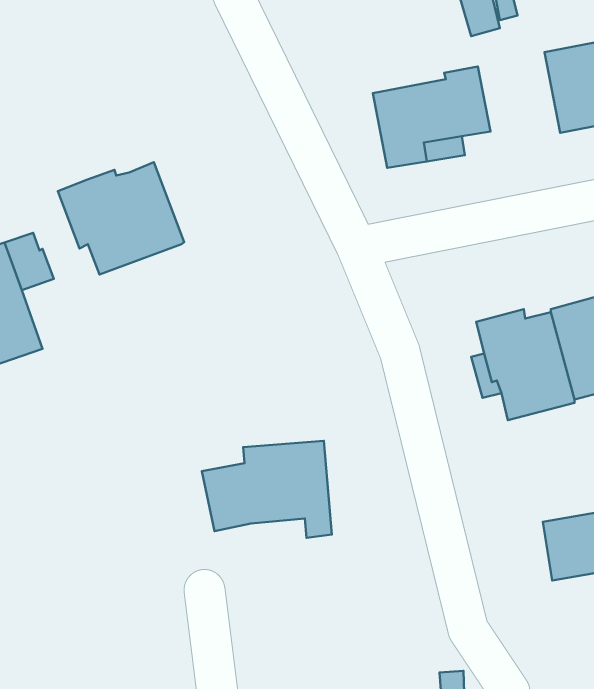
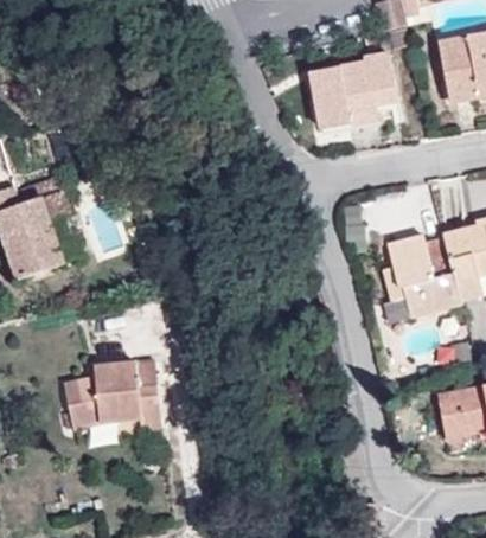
building: [58,162,184,274] -> none
building: [202,441,332,538] -> [64,360,161,433]

